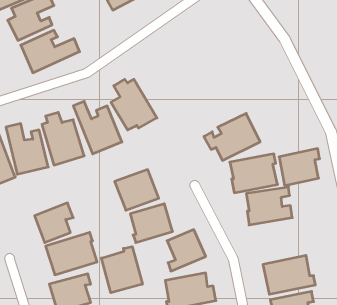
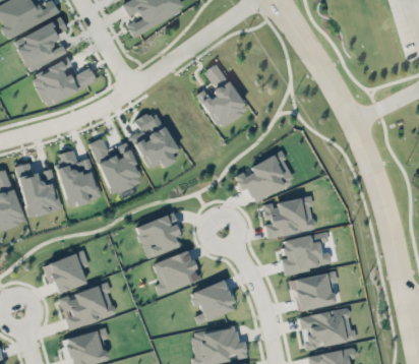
building: none -> [196,62,248,129]
building: [279,149,320,185] -> [292,270,337,311]
building: [101,247,142,293] -> none

